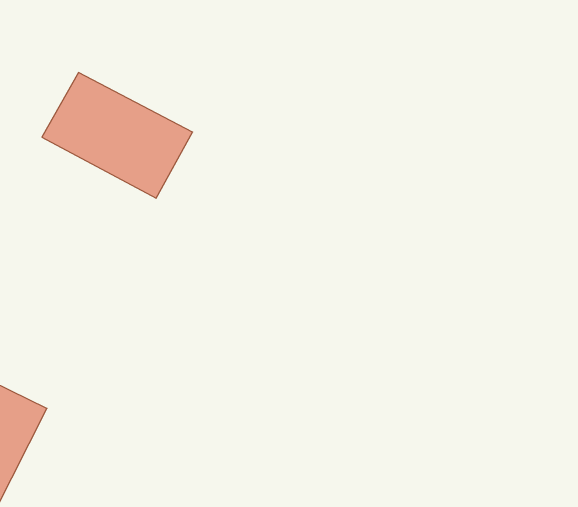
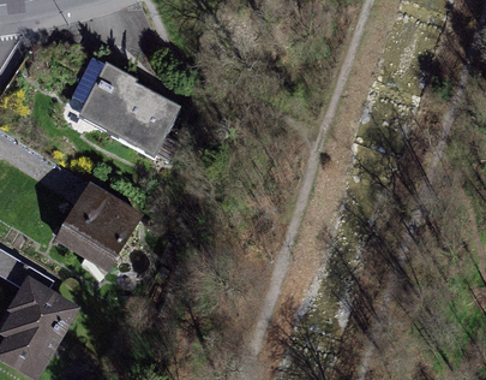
building: none -> [56,179,144,267]

